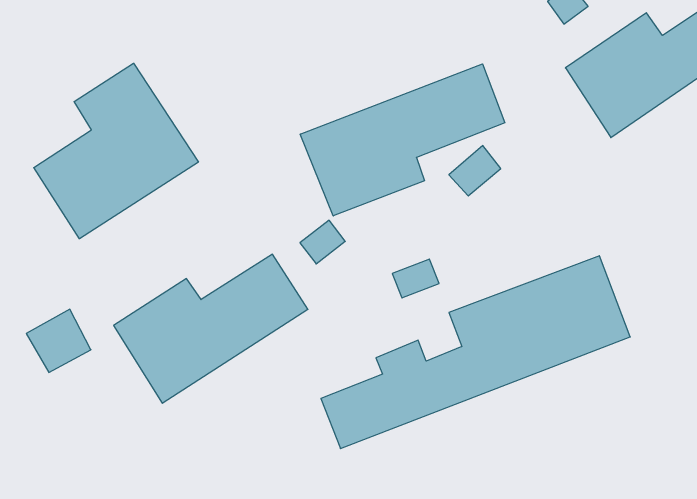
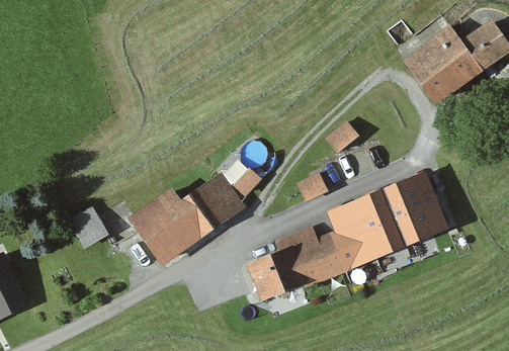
building: [34,63,198,239] -> none
building: [300,64,505,216] -> none

